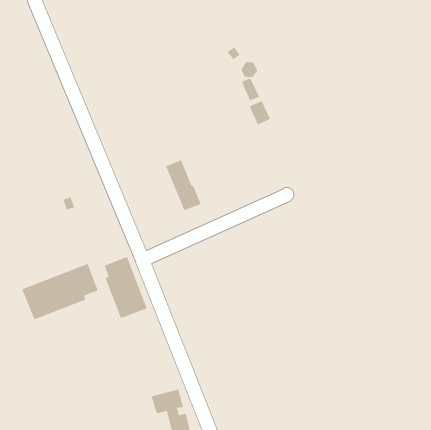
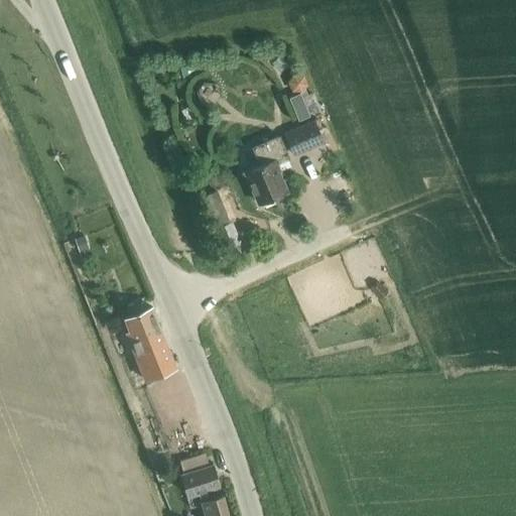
building: none -> [245,136,290,209]
building: [22,263,99,320] -> none

